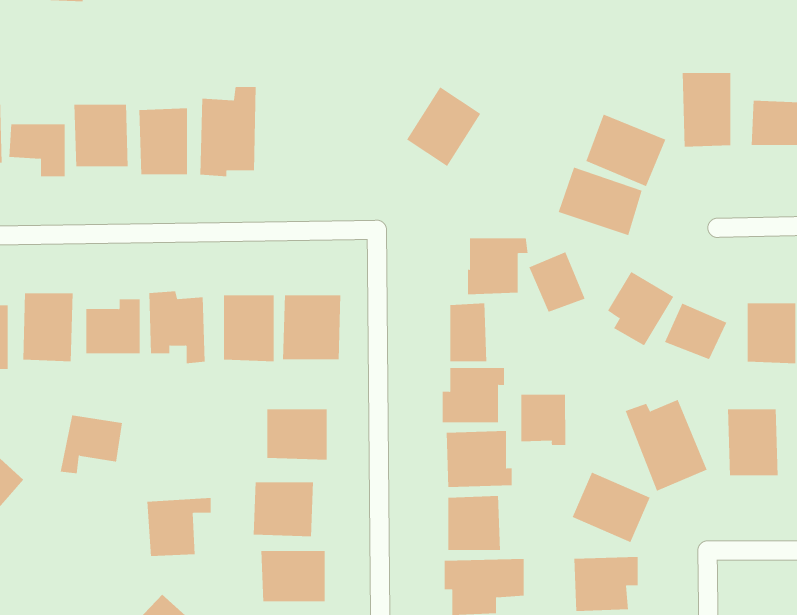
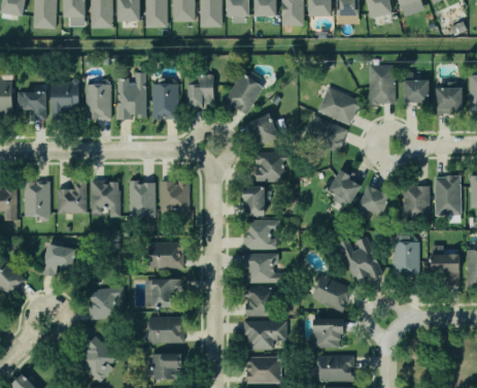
building: none -> [189,74,214,107]
building: none -> [151,79,177,119]
building: [528,251,586,312] -> [251,114,281,146]
building: [521,394,566,446] -> none

